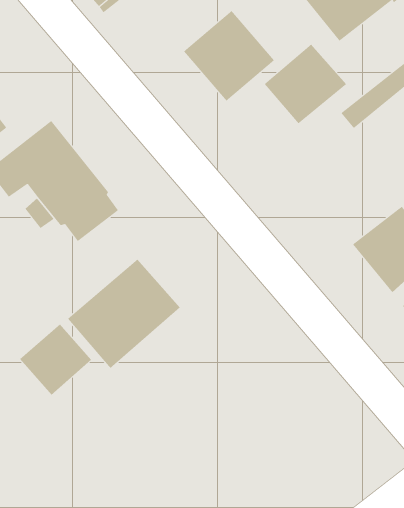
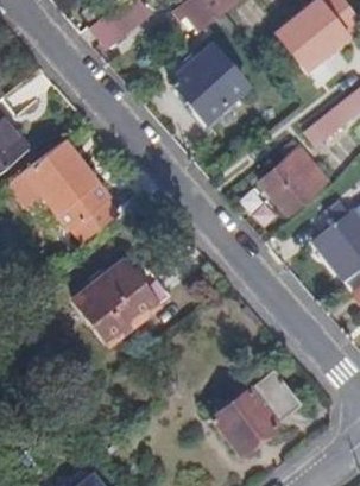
building: [264,44,347,124] -> [258,150,327,216]
building: [19,323,92,395] -> none
building: none -> [209,371,298,456]

